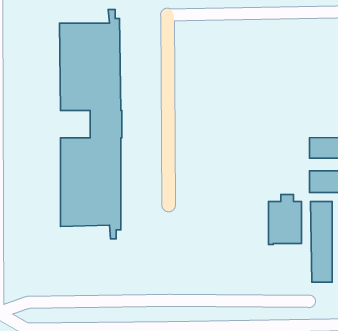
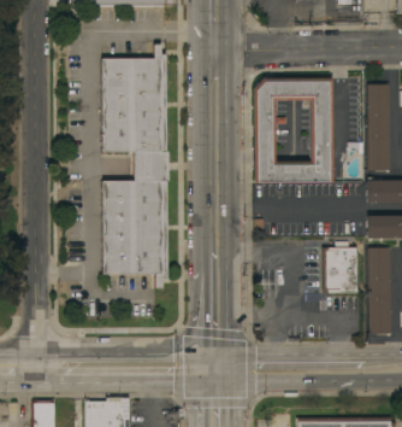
building: none -> [252,78,332,183]
building: none -> [367,84,390,170]

